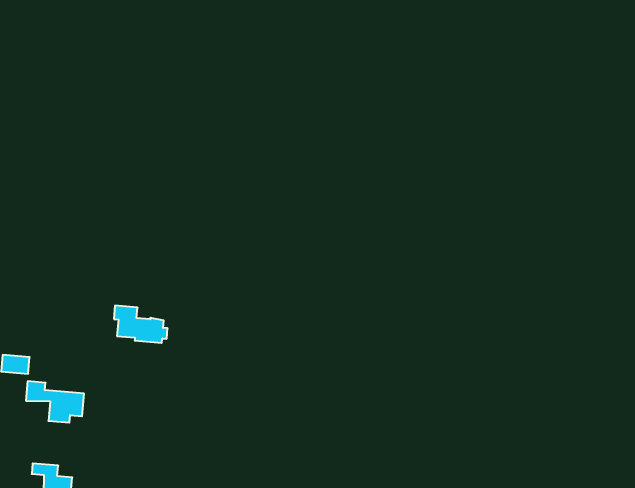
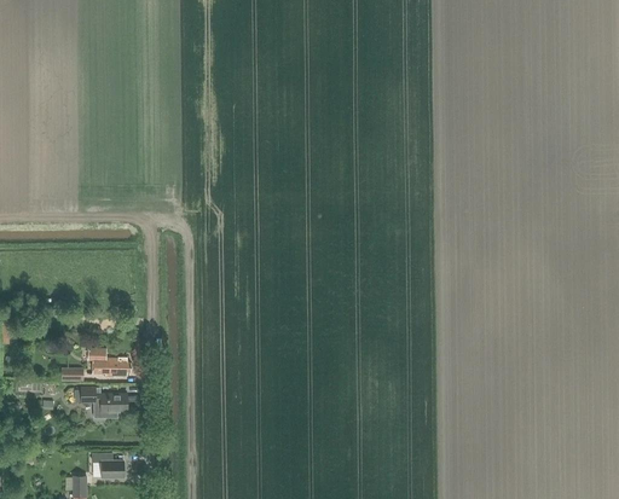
building: [114,306,168,343] -> [87,349,131,376]

